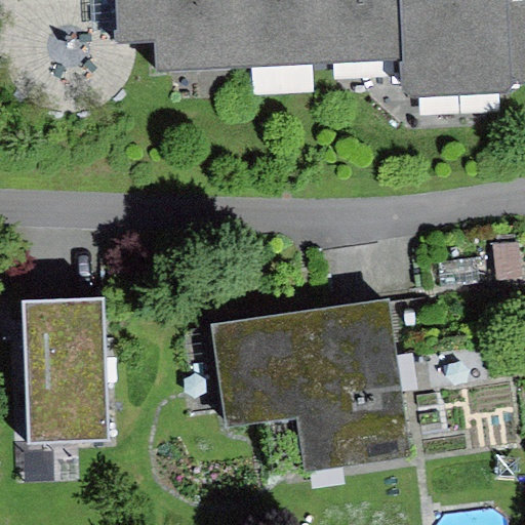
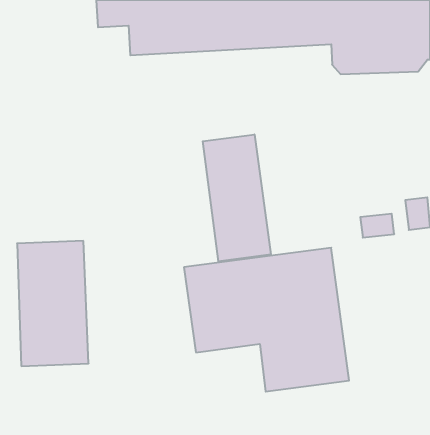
building: none -> [203,134,271,261]

